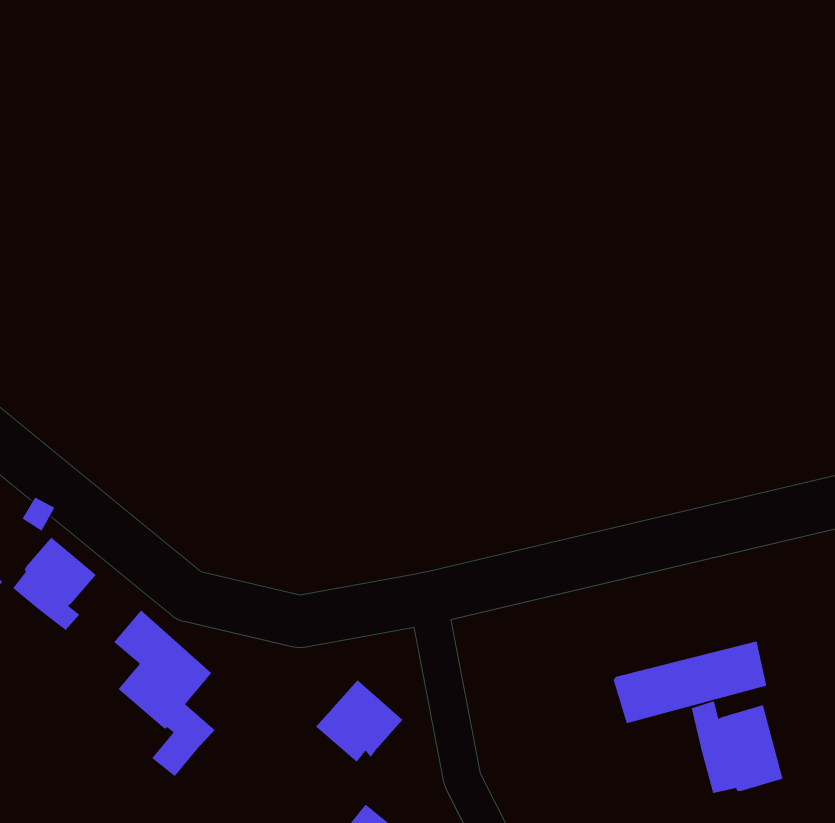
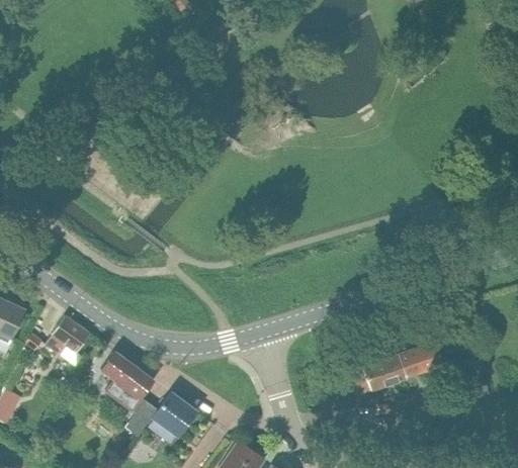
building: [315,679,403,763] -> [151,392,196,436]
building: [691,700,784,794] -> none

